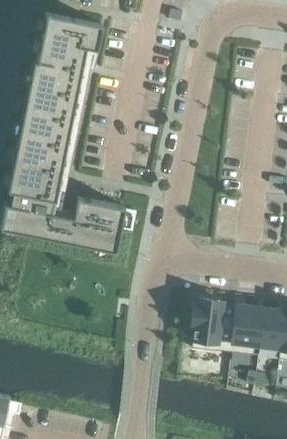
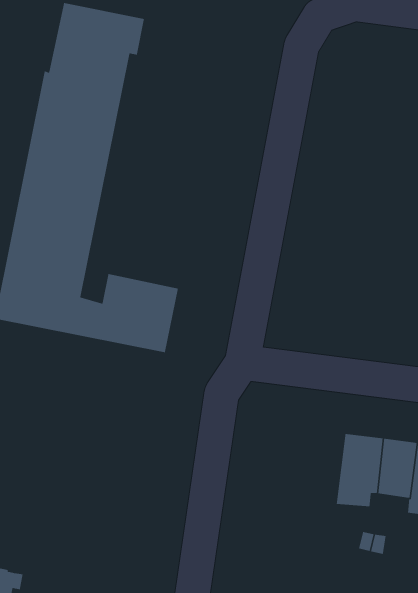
building: [192,298,237,352] -> none

